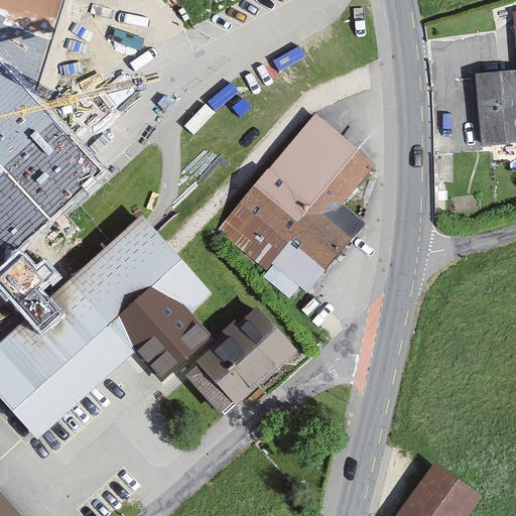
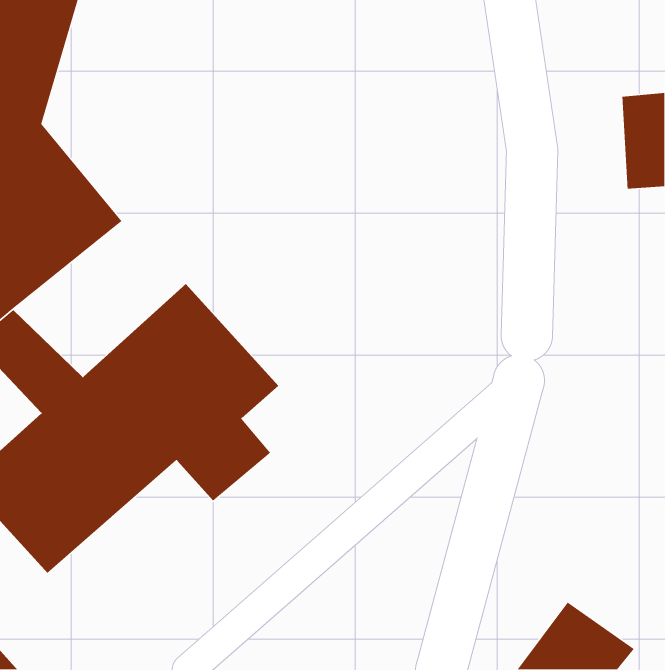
building: [212,114,374,302] -> none
building: [189,307,303,419] -> none

